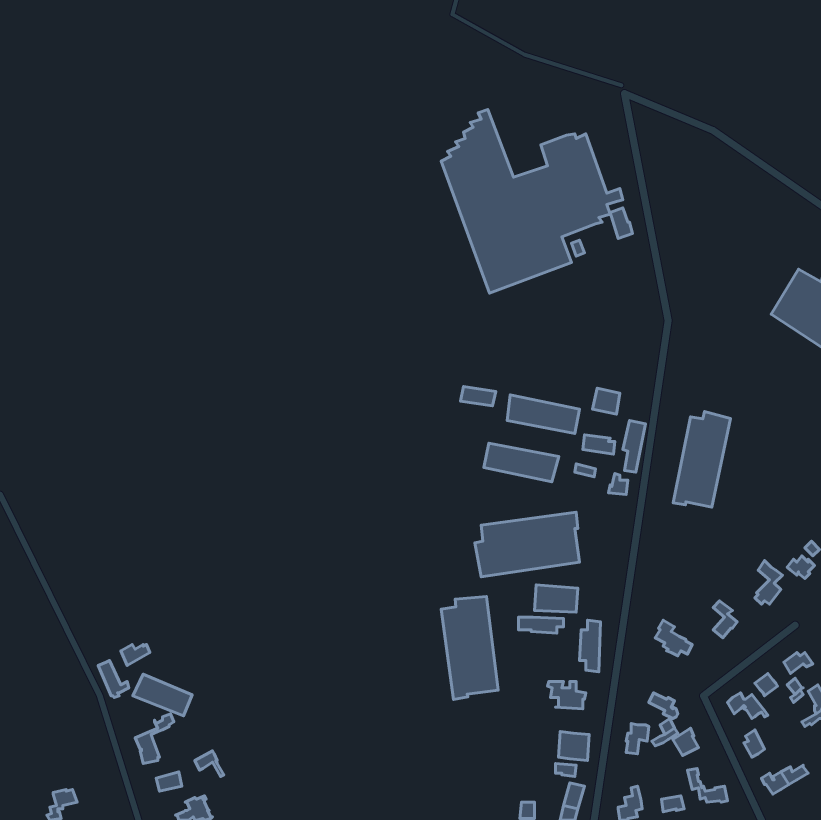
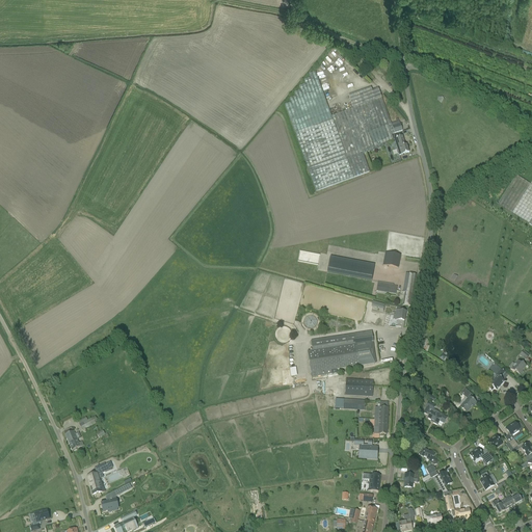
building: [673,412,730,507] -> none
building: [484,443,559,482] -> none
building: [441,597,498,699] -> none
building: [133,674,192,716] -> none

